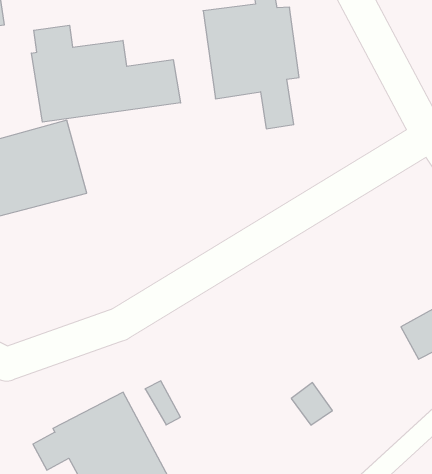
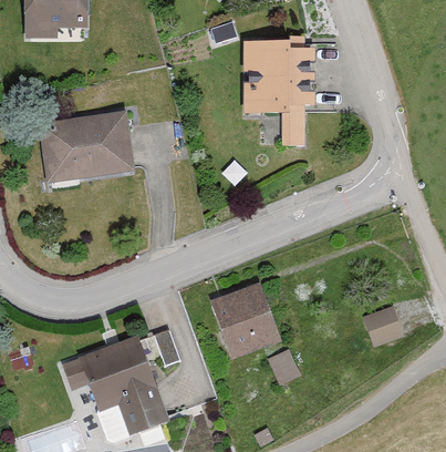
building: [31,25,181,122] -> none
building: none -> [210,281,280,356]

